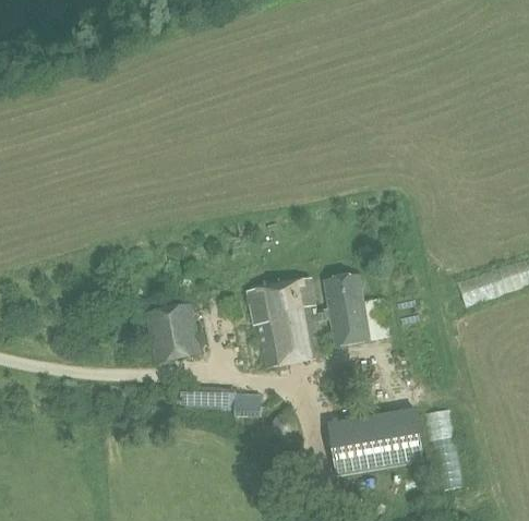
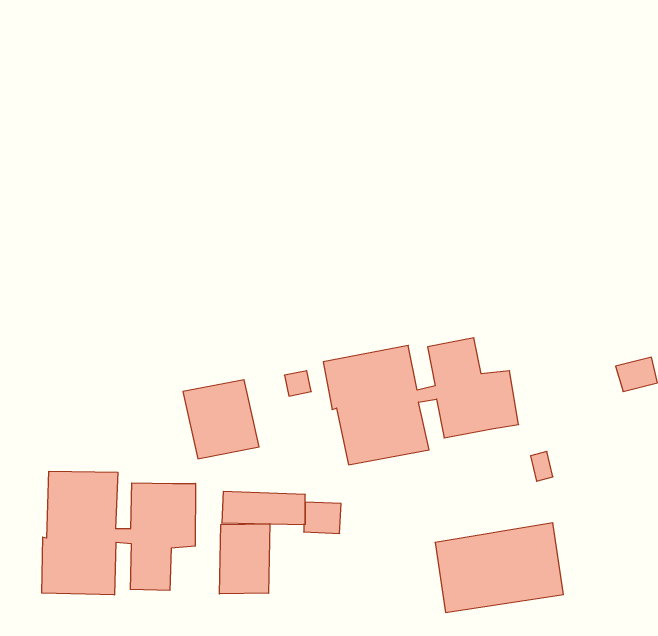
building: none -> [42,471,195,595]
building: none -> [219,524,270,594]

